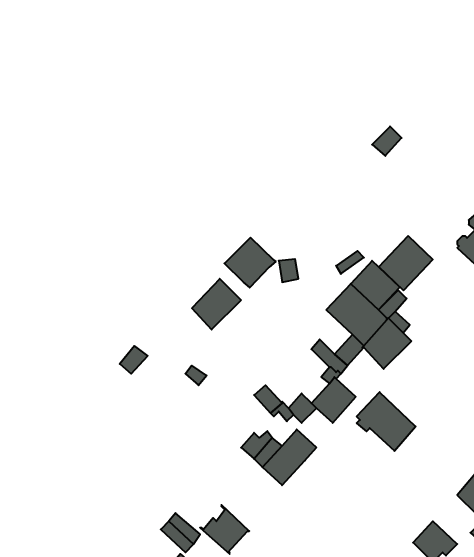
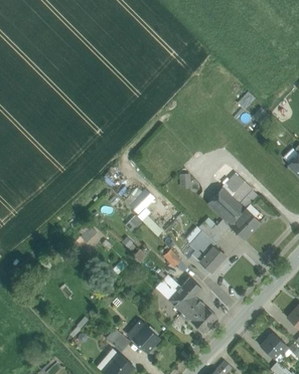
building: [379,236,433,290] -> none
building: [224,238,276,288] -> none
building: [357,392,416,451] -> [180,296,216,332]

